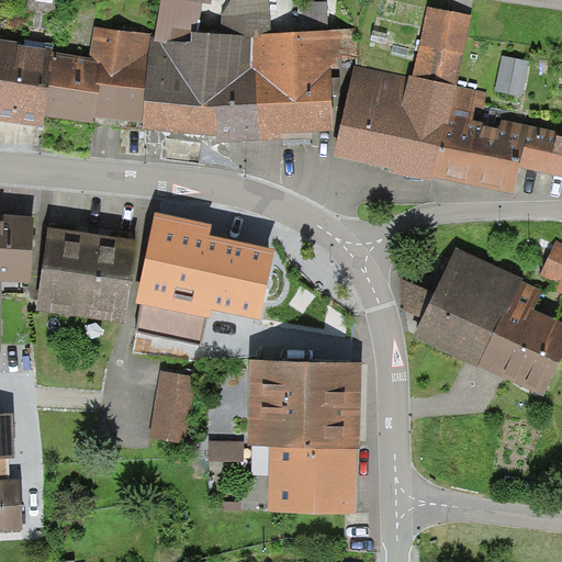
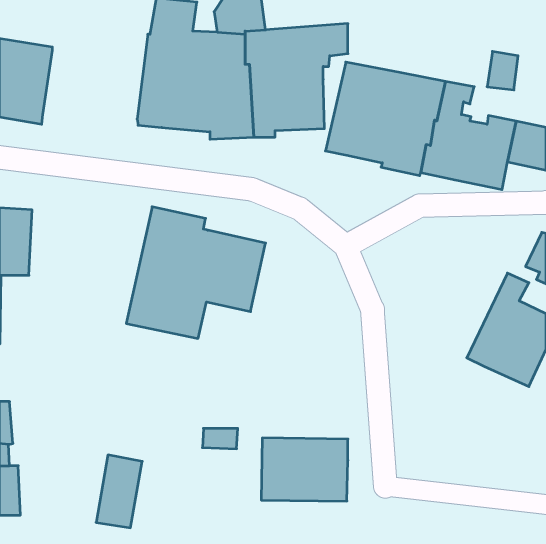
building: [412,4,471,83] -> none
building: [44,25,151,123] -> none
building: [35,228,137,324] -> none
building: [413,246,521,367] -> none
building: [247,362,361,450] -> none
building: [148,369,195,443] -> [96,455,142,528]

